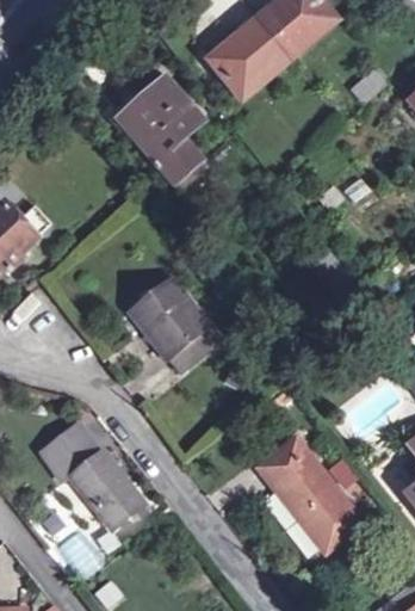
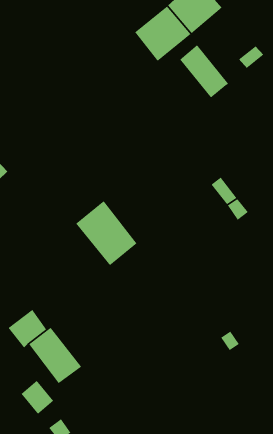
building: none -> [179,44,229,98]
building: [120,75,204,178] -> none
building: [259,439,361,551] -> none

